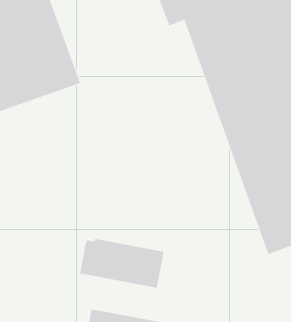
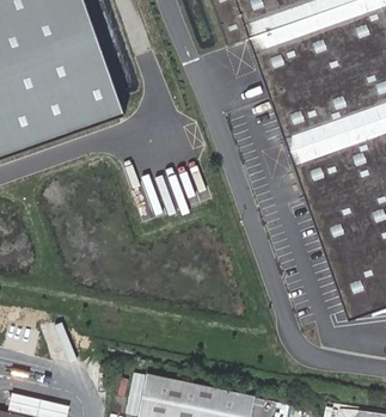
building: [79,238,164,288] -> none

